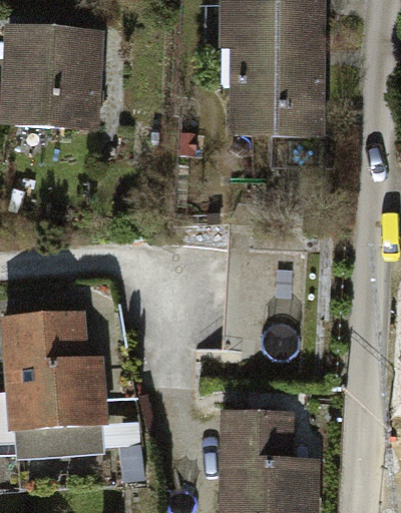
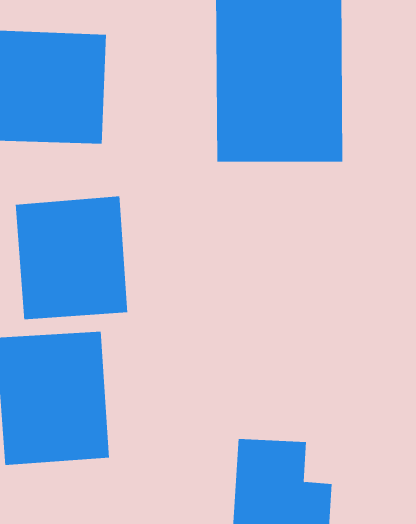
building: none -> [15,196,128,320]

